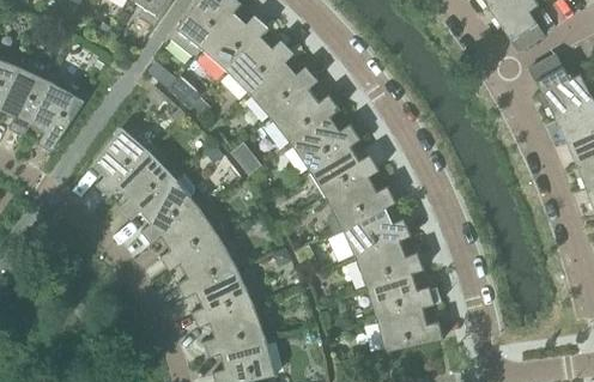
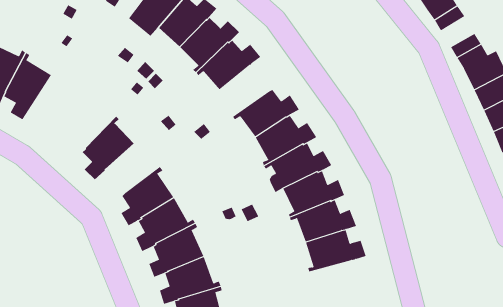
building: [271,87,340,147] -> none
building: [92,127,156,195] -> none
building: [140,171,205,243] -> none
building: [370,307,443,351] -> none

